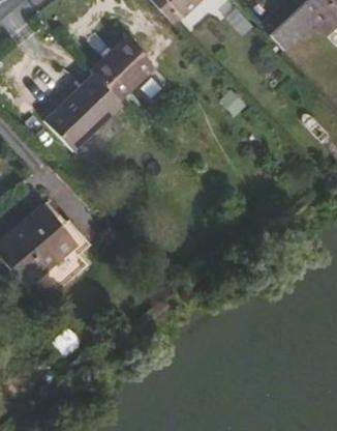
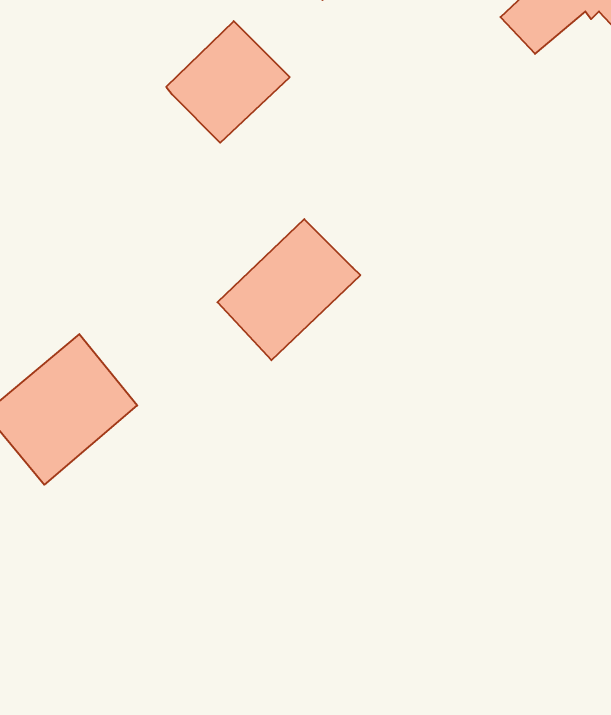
building: [47,75,123,150] -> [217,219,360,360]

